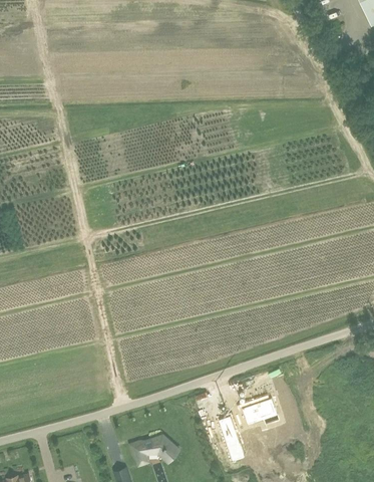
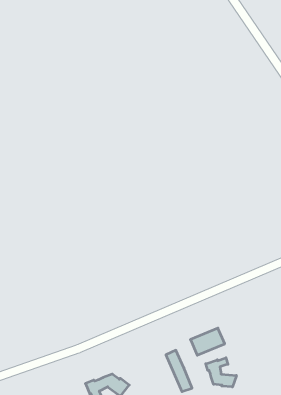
building: none -> [206,358,236,387]

